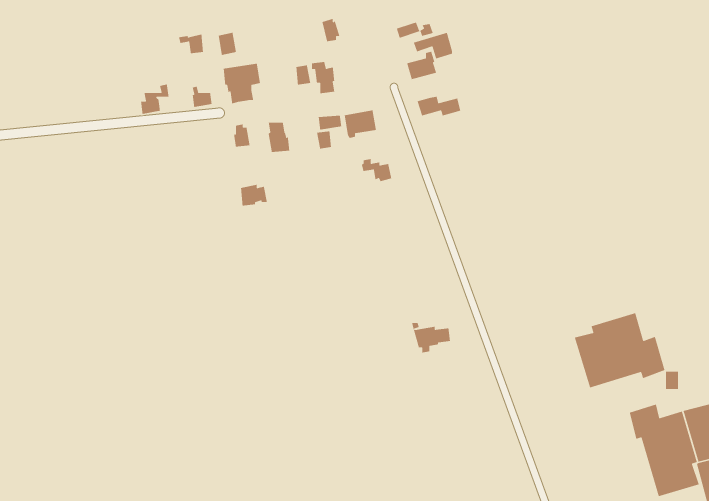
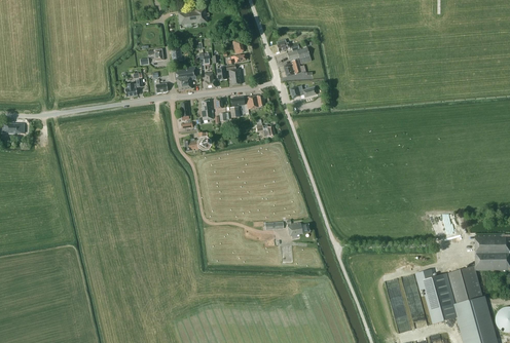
building: [574,312,666,388] -> none

